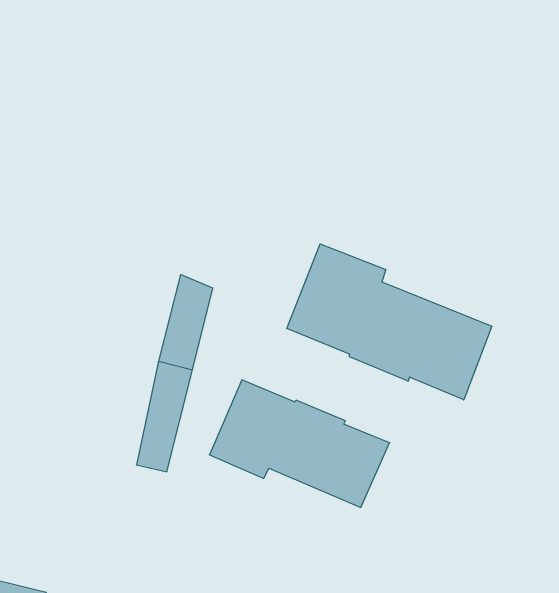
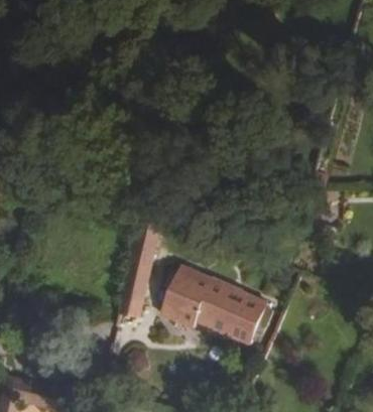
building: [287,244,492,400] -> none

